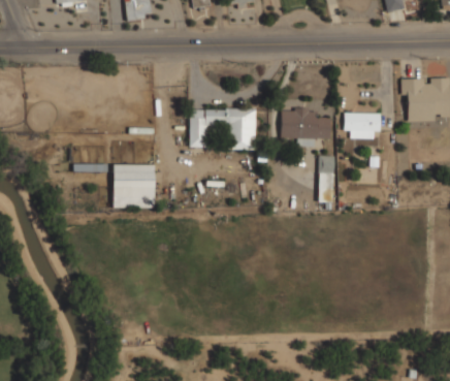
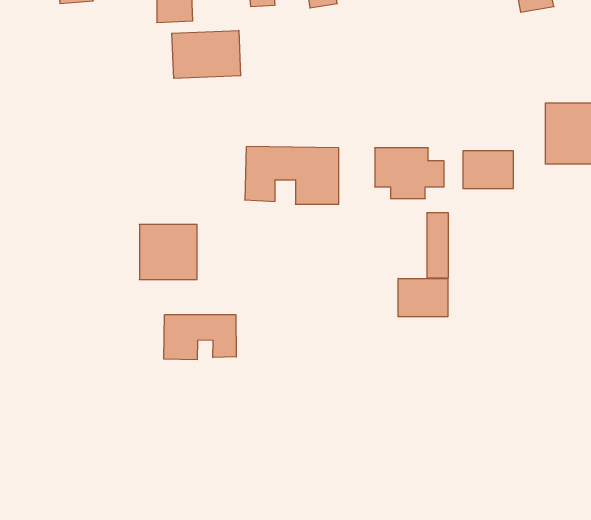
building: none -> [172,30,241,78]
building: none -> [398,278,448,317]
building: none -> [164,315,236,360]

